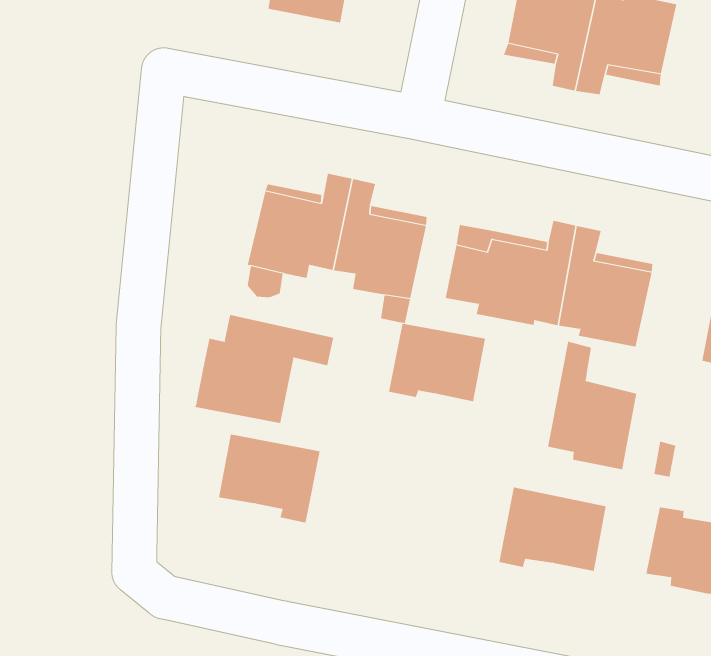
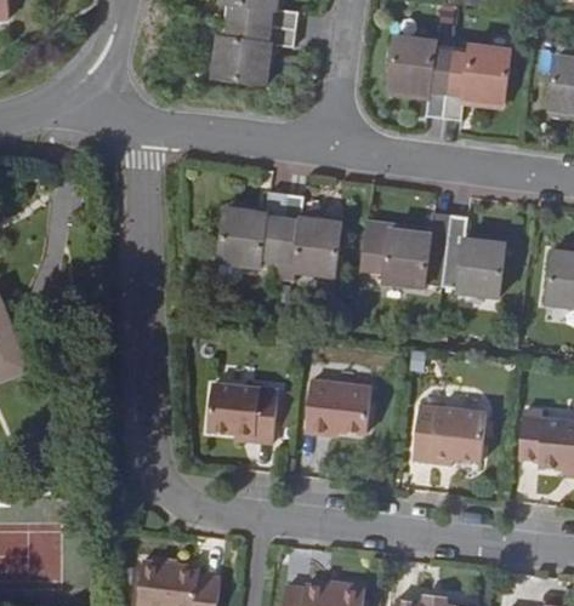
building: [195,314,334,424] -> none
building: [388,323,486,402] -> [305,382,371,434]
building: [548,341,637,470] -> none

